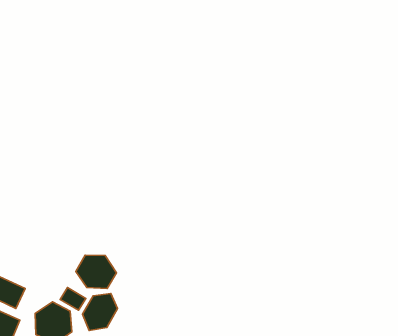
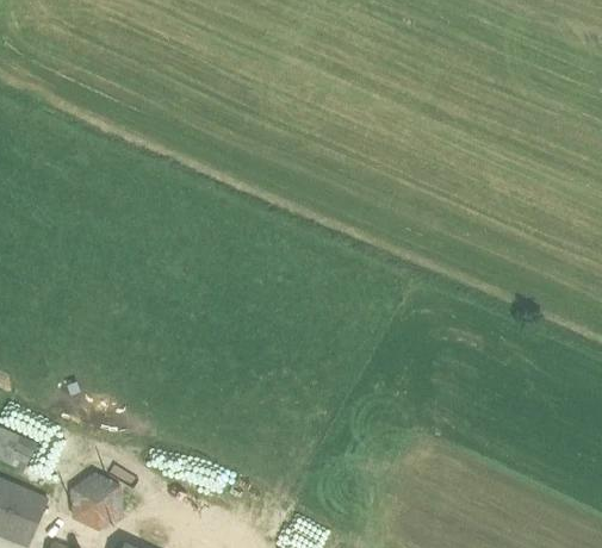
building: [76,255,116,289] -> none
building: [82,294,118,331] -> none

